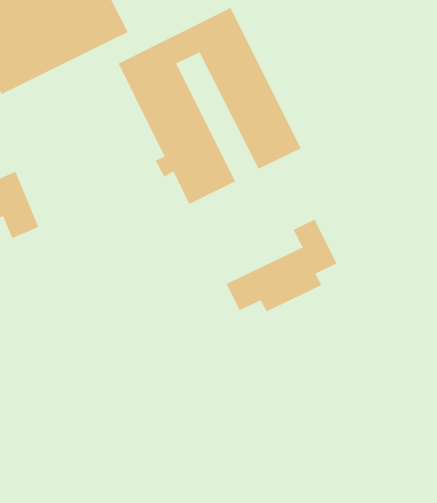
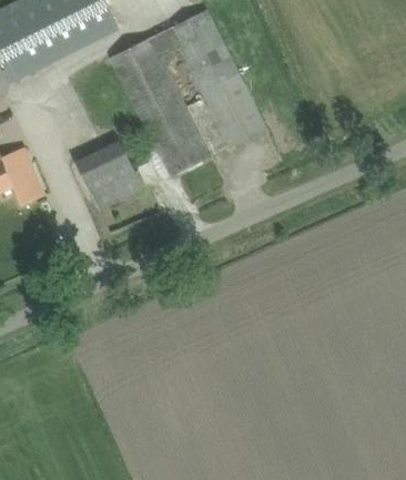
building: none -> [75,141,142,210]
building: [226,219,337,312] -> none

